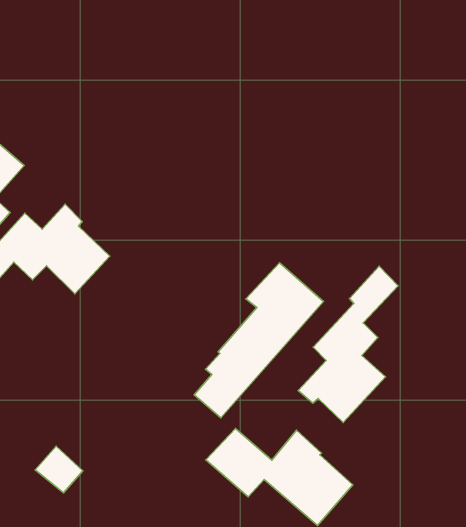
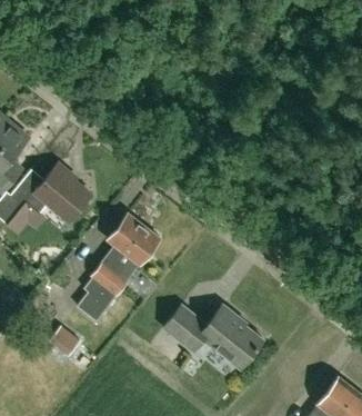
building: [194,263,323,418] -> [77,214,160,320]
building: [298,266,398,422] -> none

